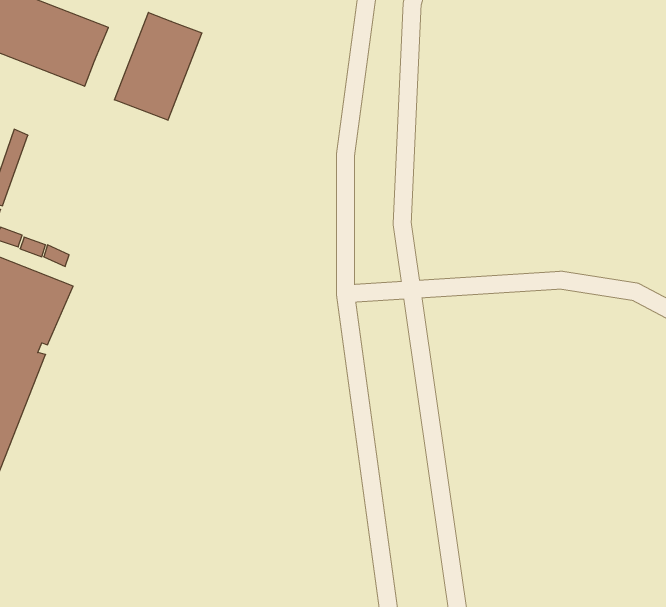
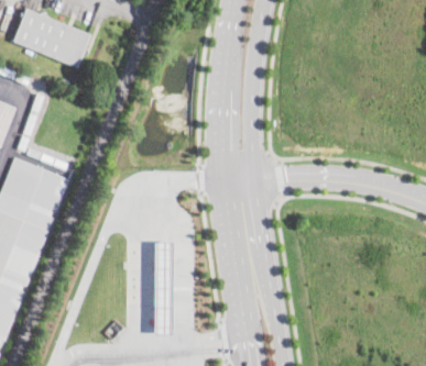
building: [114,12,202,120] -> none

